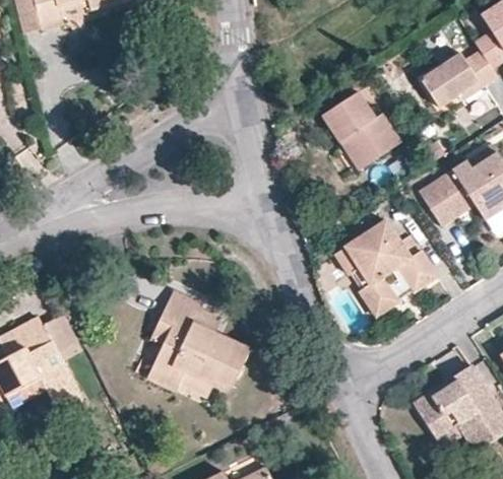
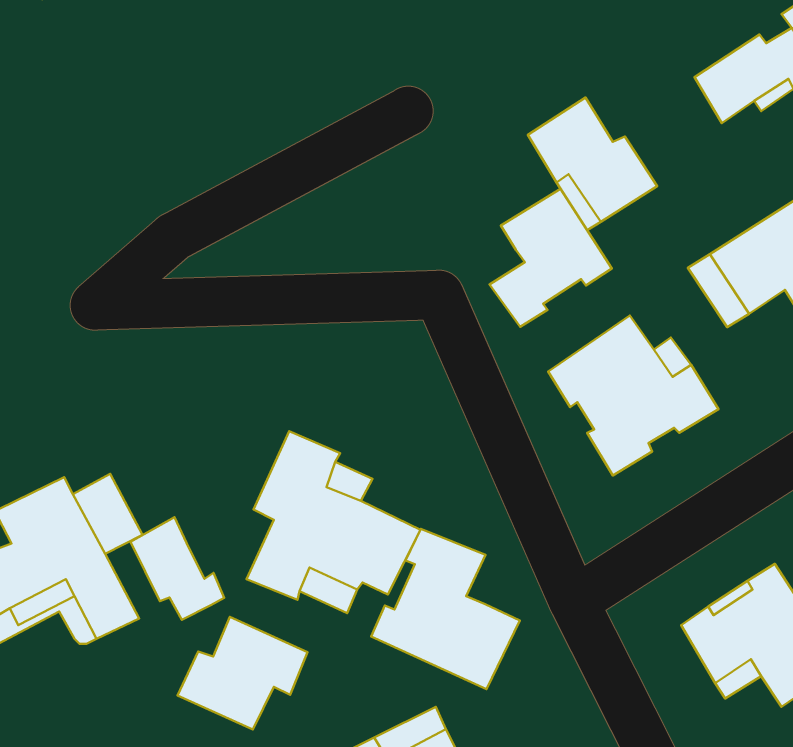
building: none -> [490,189,612,327]
building: none -> [130,517,224,620]
building: none -> [371,529,520,689]
building: none -> [177,617,308,730]

